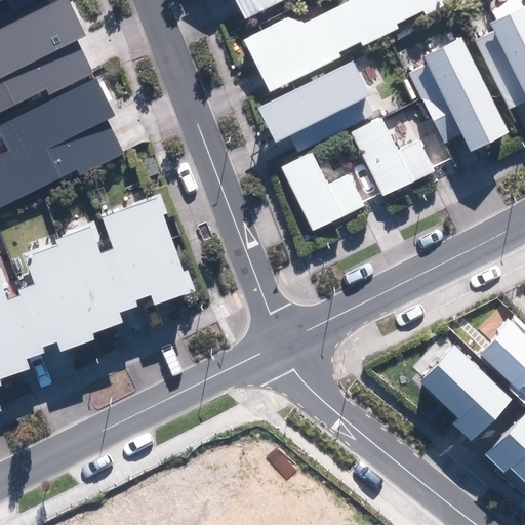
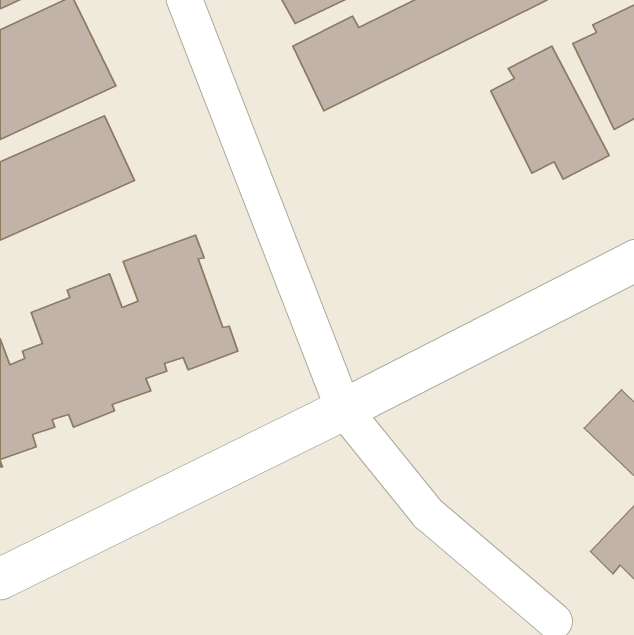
building: [254,57,375,151] -> none
building: [350,117,437,199] -> none
building: [279,150,366,232] -> none
building: [421,344,514,441] -> none

